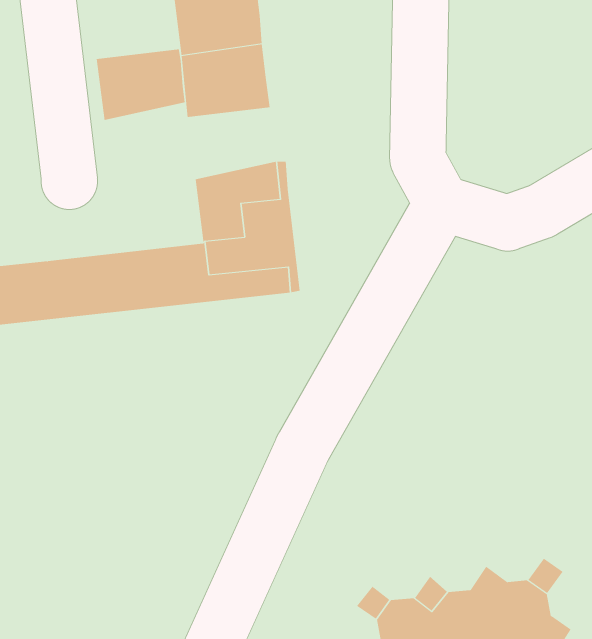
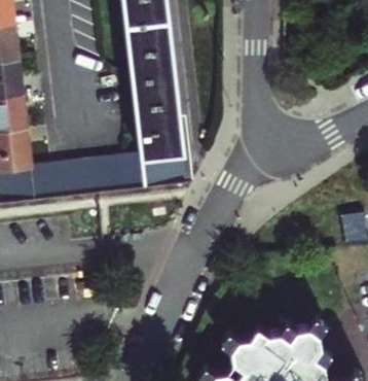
building: [96,49,185,120] -> [133,82,179,119]

